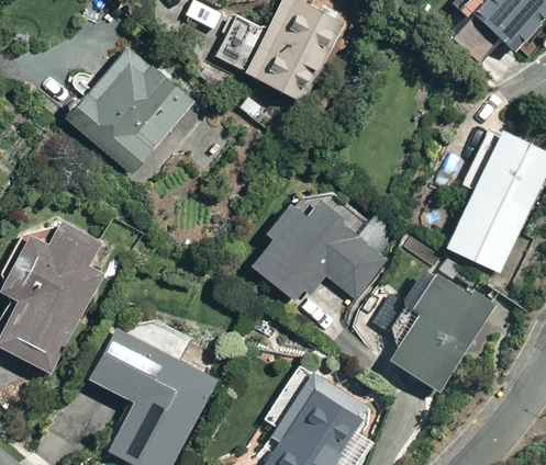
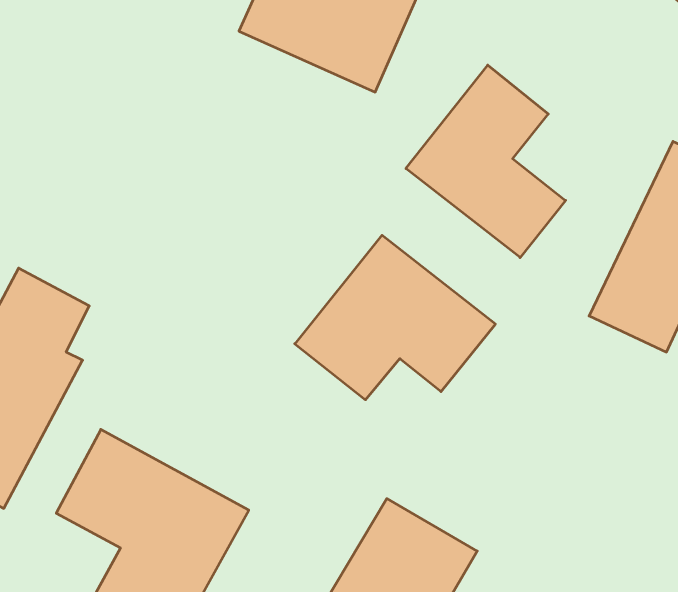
building: [70,52,191,172] -> none
building: none -> [406,65,566,258]
building: [390,276,491,392] -> none

